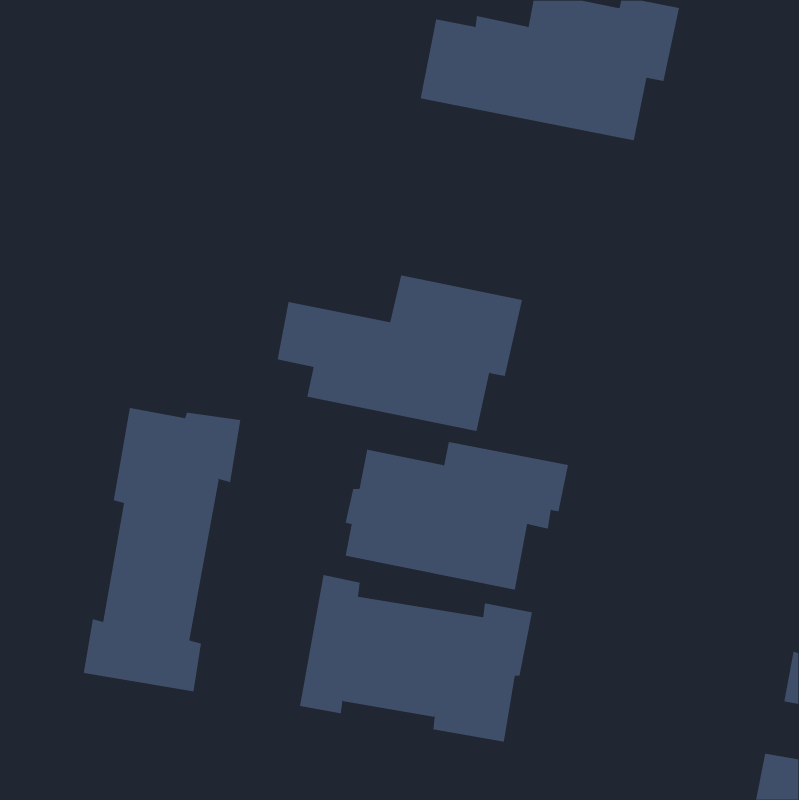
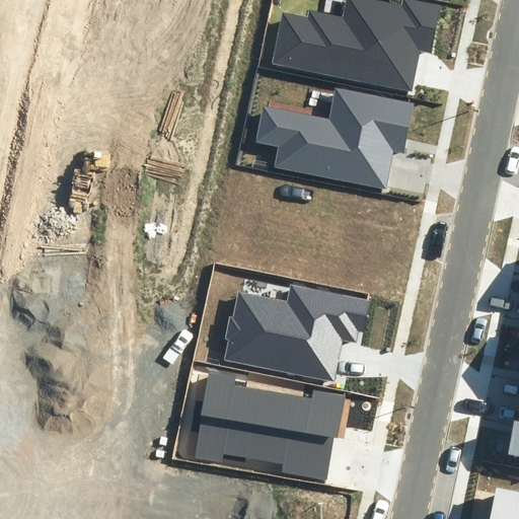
building: [277,275,523,431] -> [254,87,414,189]
building: [83,407,241,692] -> none

